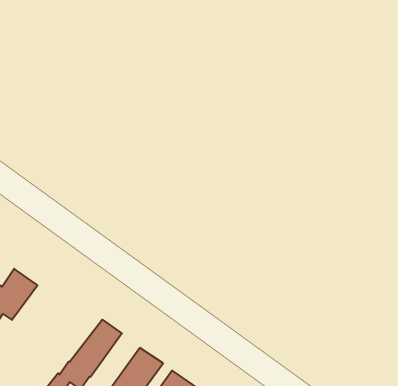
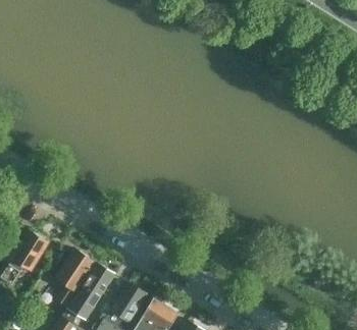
building: none -> [54,249,95,308]

